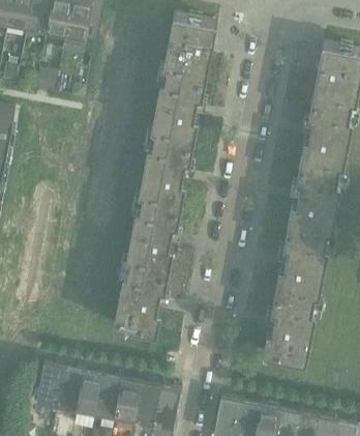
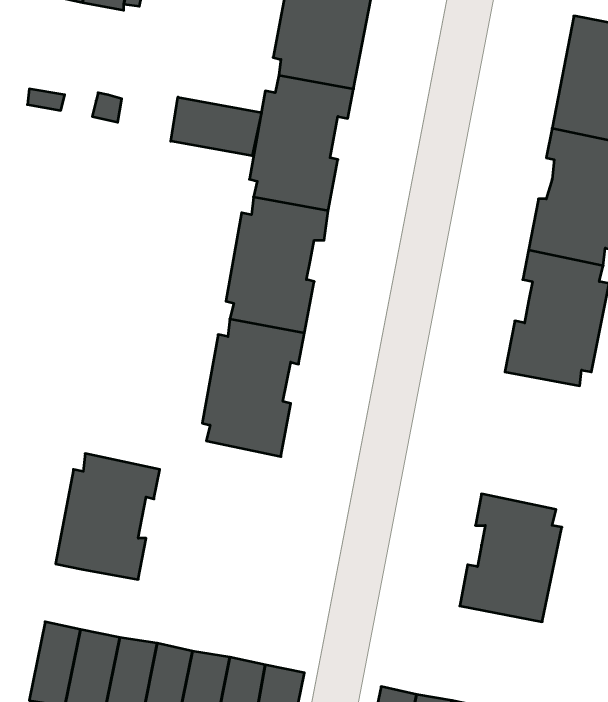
building: none -> [171,97,261,156]
building: [273,232,328,304] -> none
building: [113,268,168,335] -> [56,454,160,579]

